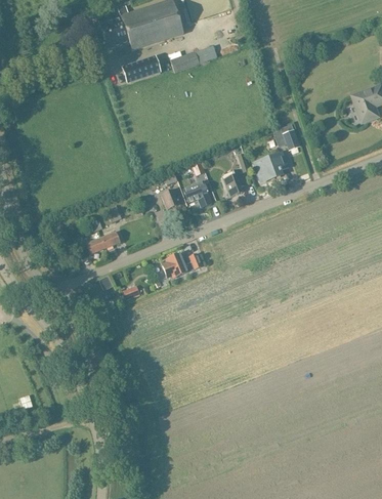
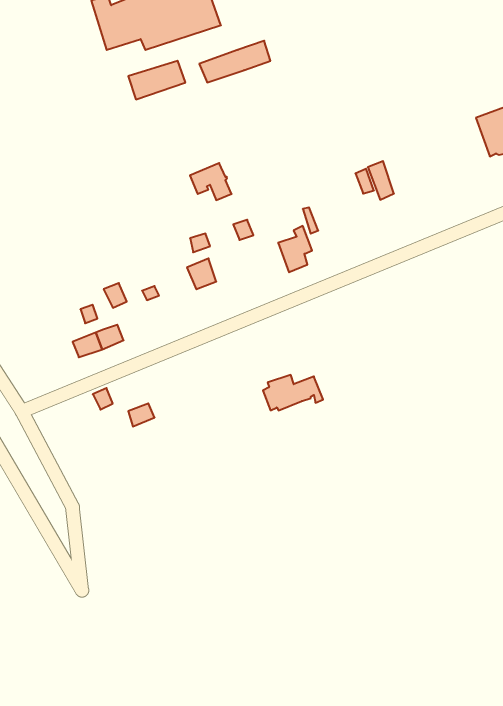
building: [253,153,285,177] -> none
building: [182,181,210,206] -> [190,163,232,200]
building: [161,254,201,278] -> [263,375,323,410]

